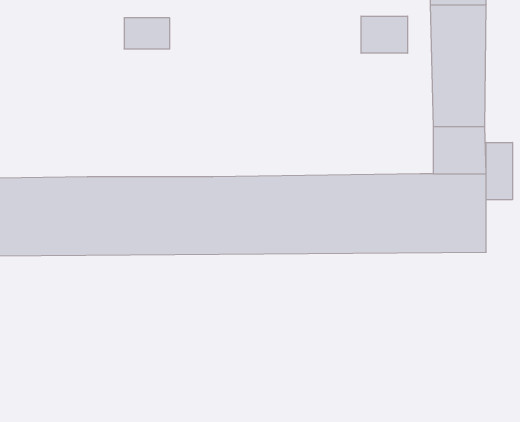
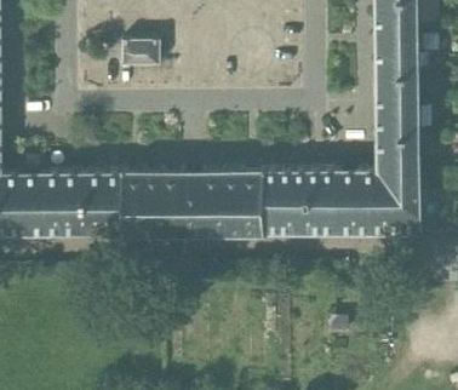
building: [361,16,408,53] -> none
building: [486,142,512,200] -> none

